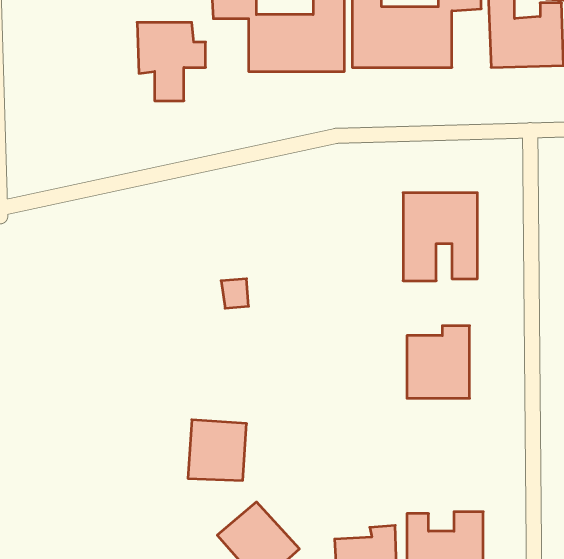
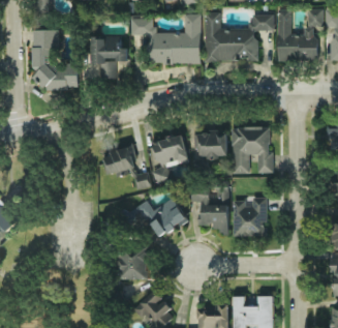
building: none -> [33,30,78,88]
building: none -> [197,131,227,159]
building: none -> [151,133,190,184]
building: none -> [103,147,136,174]
building: none -> [191,192,228,232]
building: none -> [129,198,187,238]

